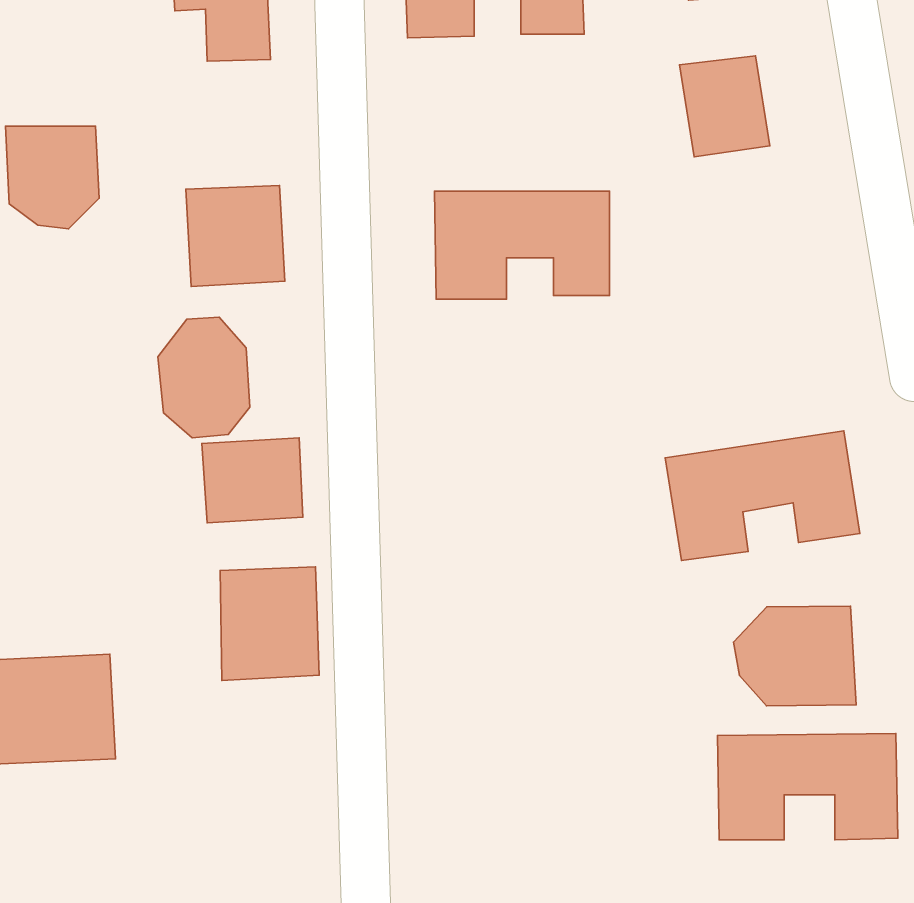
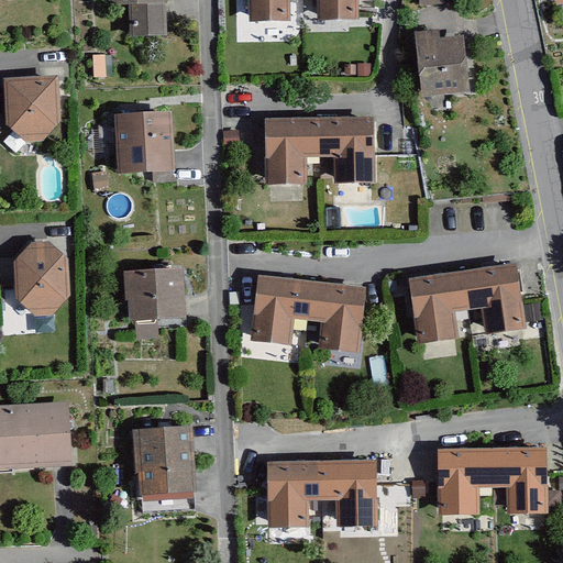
building: [158,317,250,438] -> [12,241,68,314]
building: none -> [250,276,365,354]
building: [220,567,319,680] -> [133,424,194,494]
building: [733,606,856,706] -> none
building: none -> [267,461,376,525]

